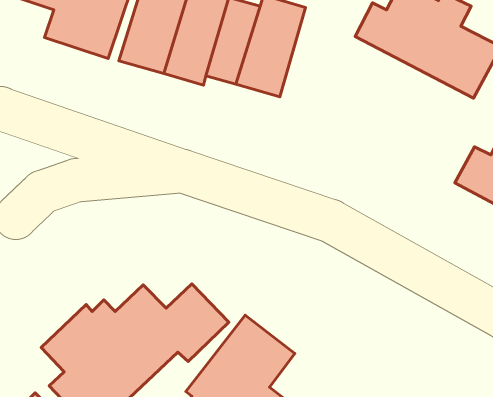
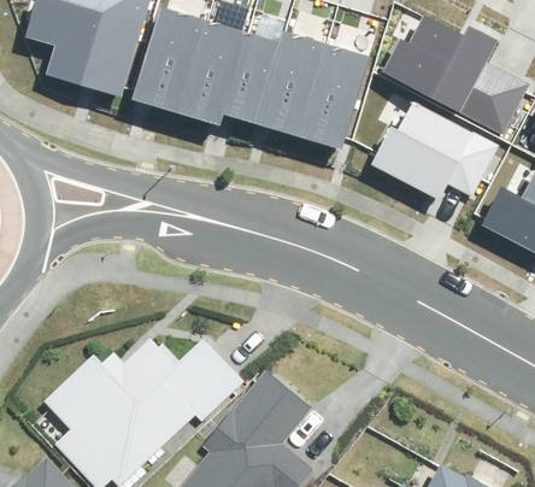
building: none -> [300,45,370,149]
building: none -> [371,105,496,203]

